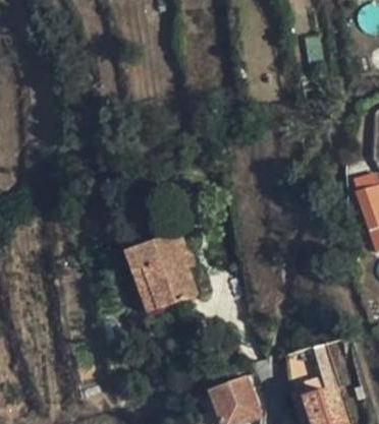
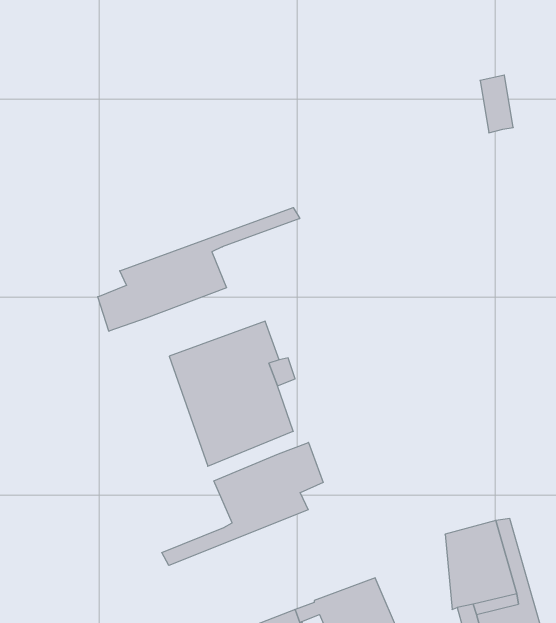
building: none -> [98,208,300,331]
building: none -> [162,442,323,565]

